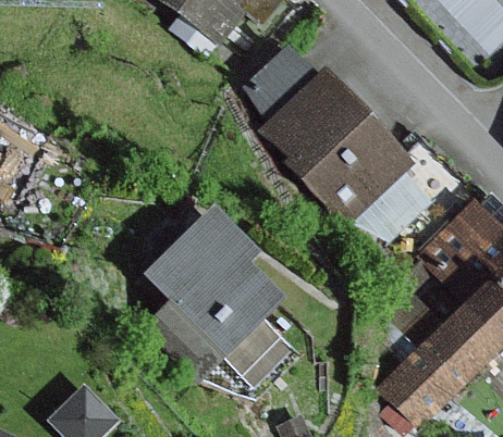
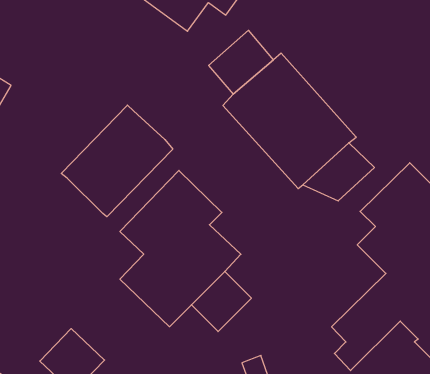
building: none -> [61,105,173,217]

